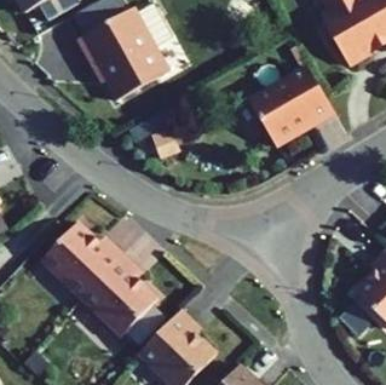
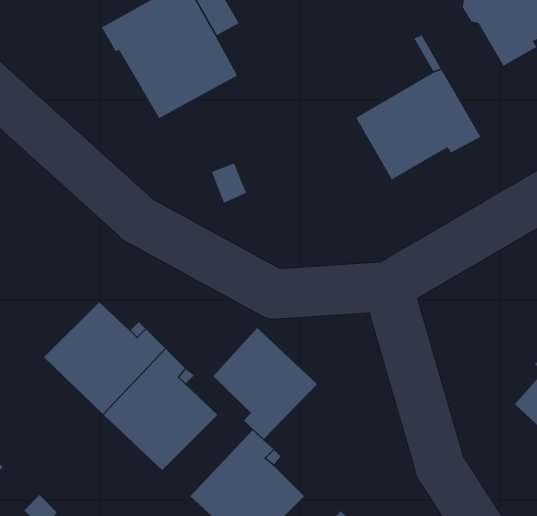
building: none -> [212,327,318,440]

